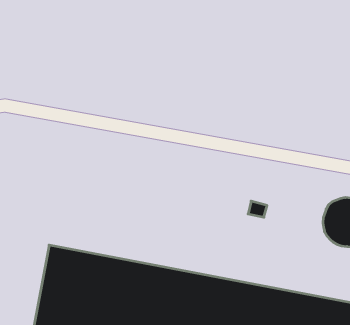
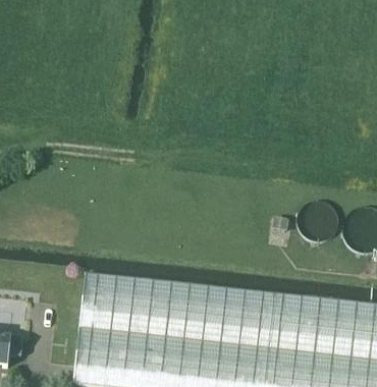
building: none -> [297,200,338,240]

